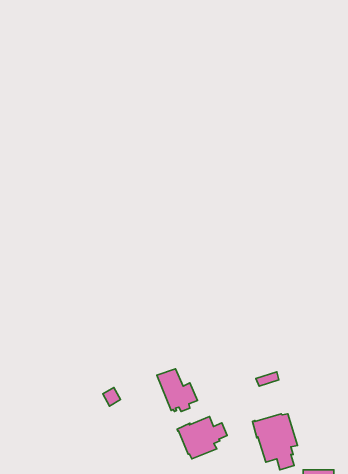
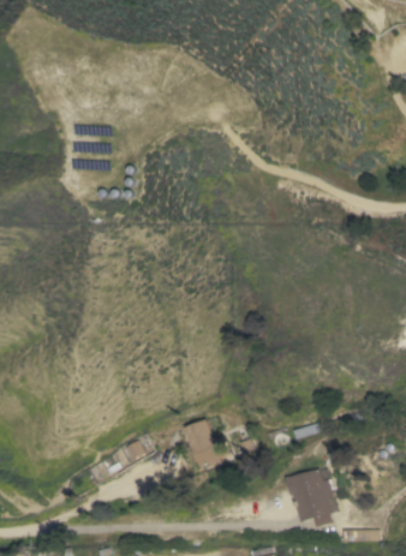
building: [177,417,227,459] -> none

